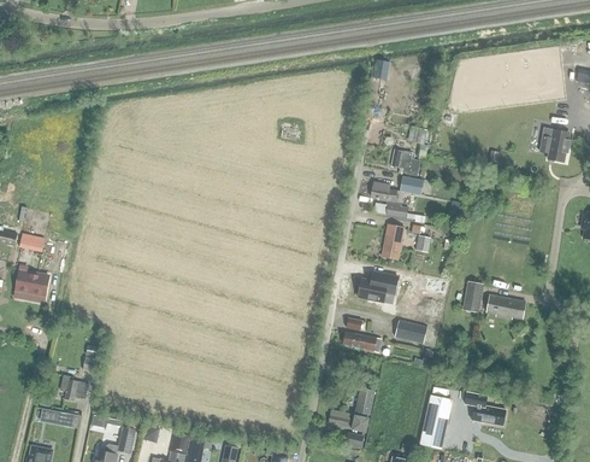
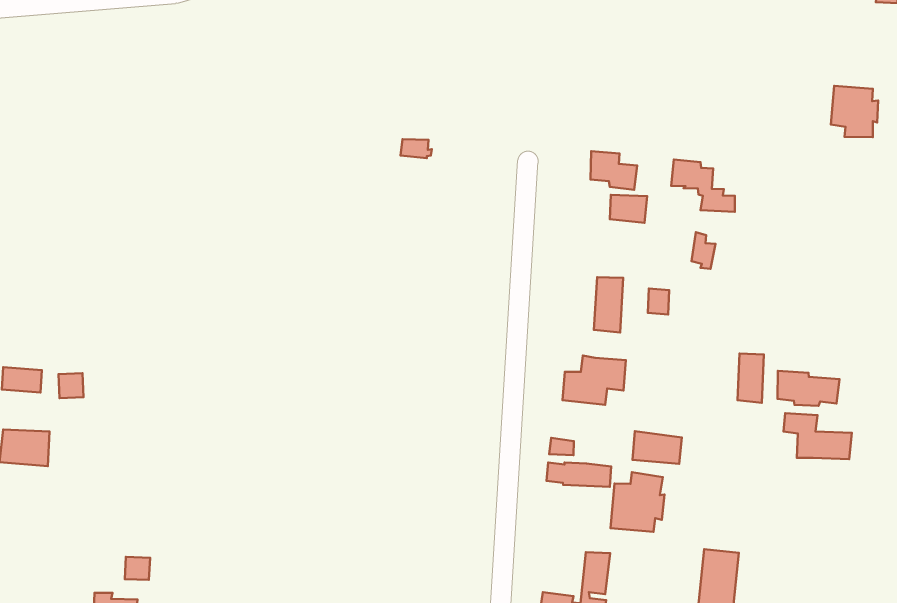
building: [370,181,407,217] -> [671,159,735,212]
building: none -> [611,472,665,532]
building: [465,392,506,425] -> [783,413,852,459]

